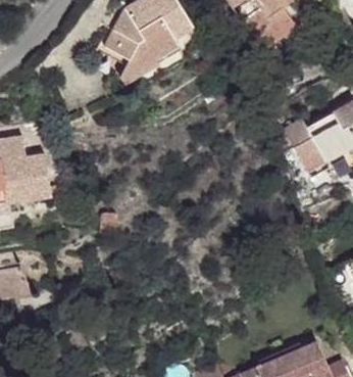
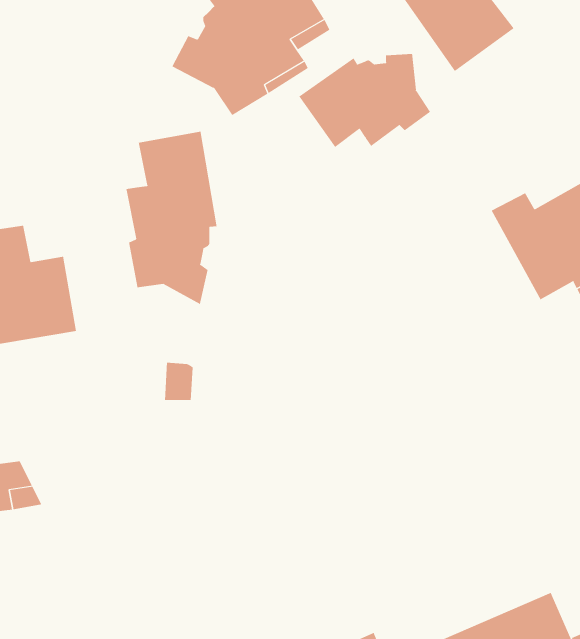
building: none -> [299,53,431,148]
building: none -> [126,131,217,305]

